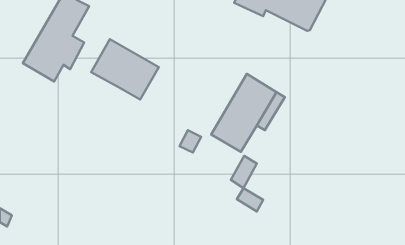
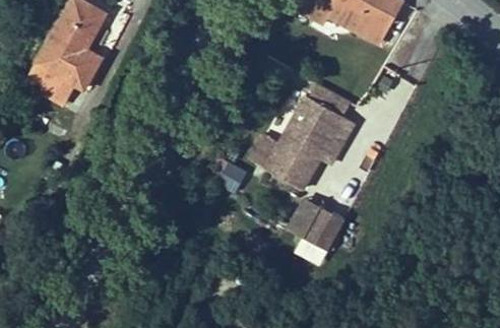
building: [91,39,159,100] -> none
building: none -> [299,204,340,249]

